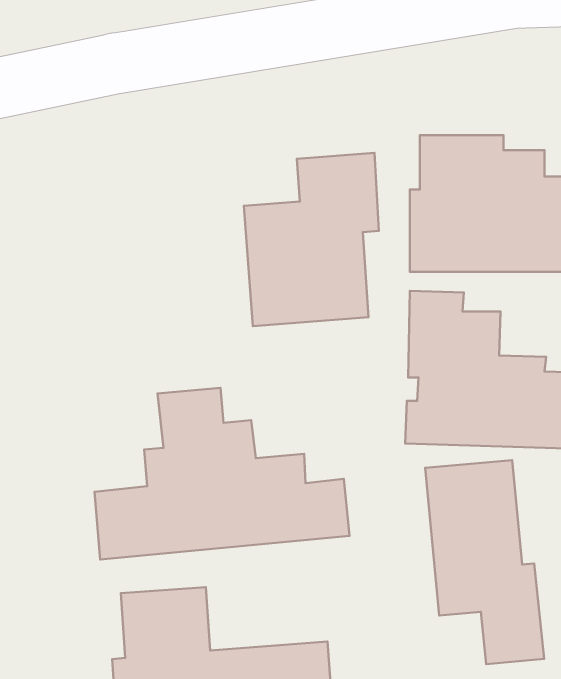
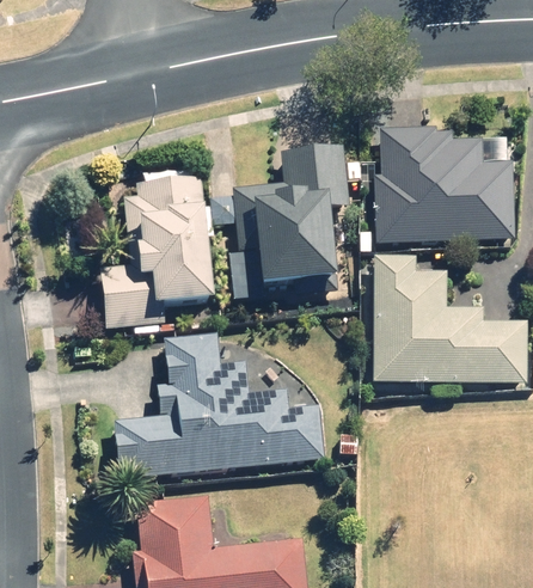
building: none -> [105,174,213,326]
building: [425,460,544,664] -> none

